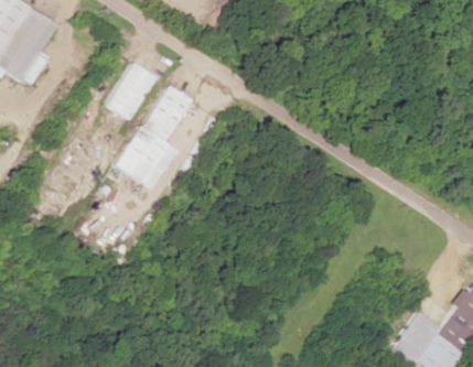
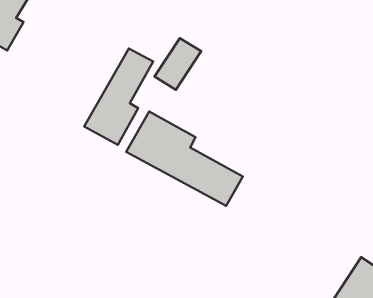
building: [106,63,157,119] -> [154,38,201,90]
building: none -> [126,111,243,206]

